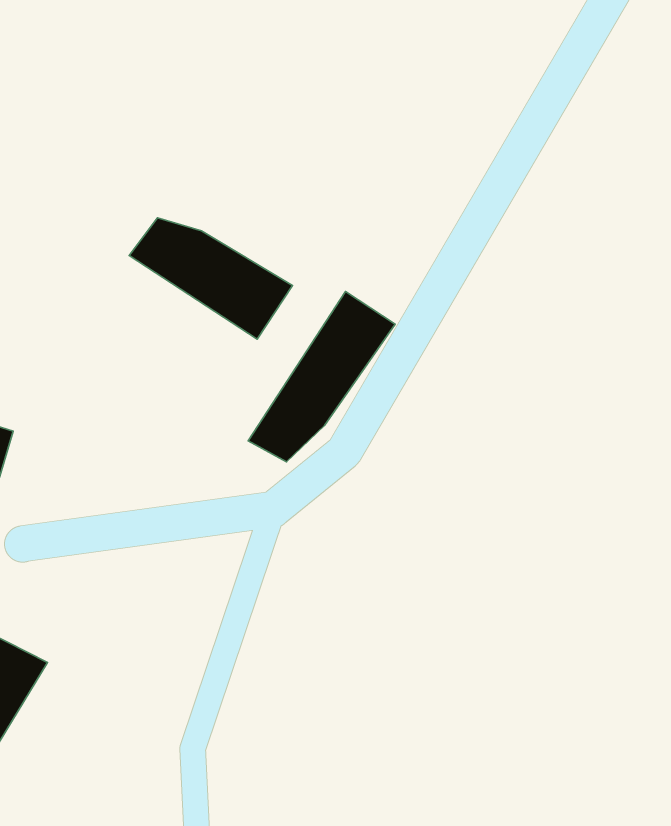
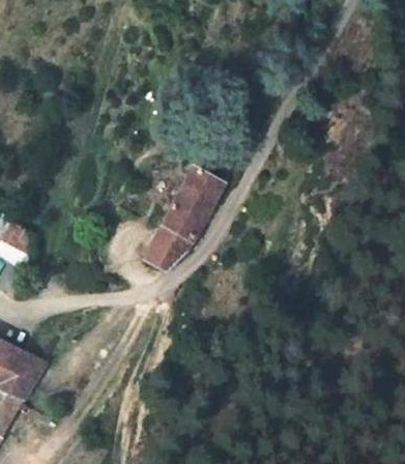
building: [129,218,292,339] -> none

